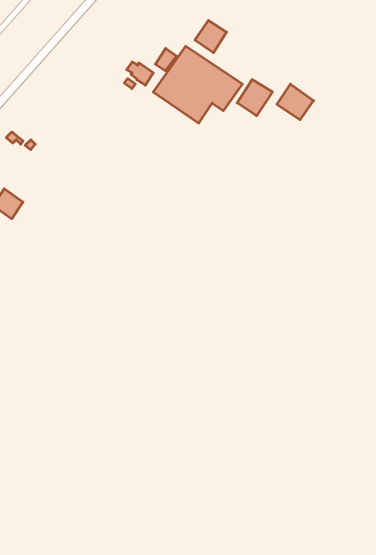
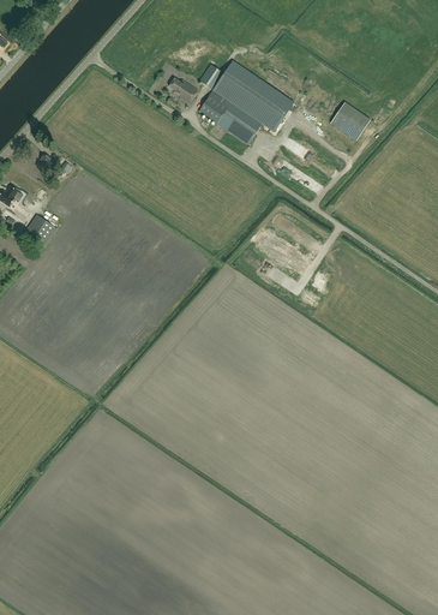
building: [195,20,227,53] -> none
building: [237,80,272,116] -> none

